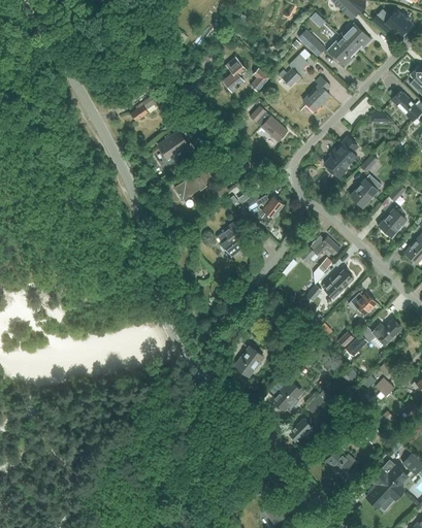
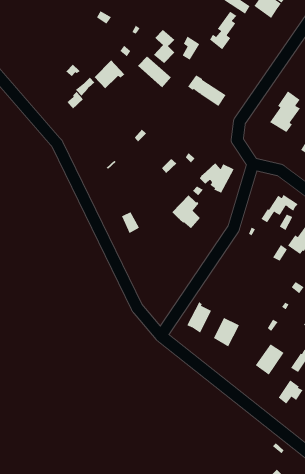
building: [302,76,330,111] -> none
building: none -> [137,56,172,88]
building: [158,131,189,159] -> [94,60,125,89]
building: [173,167,212,199] -> none
building: none -> [187,301,212,333]

